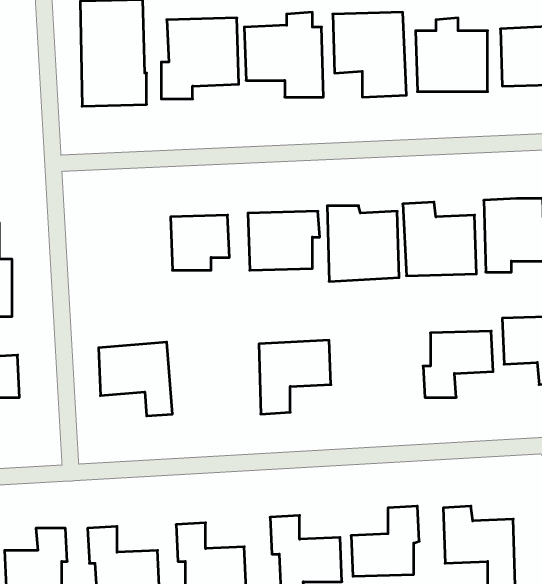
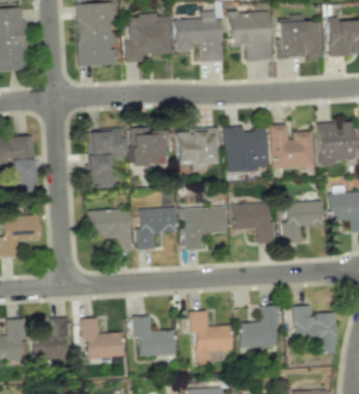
building: none -> [88,130,127,188]
building: none -> [232,203,275,243]
building: none -> [137,208,176,250]

